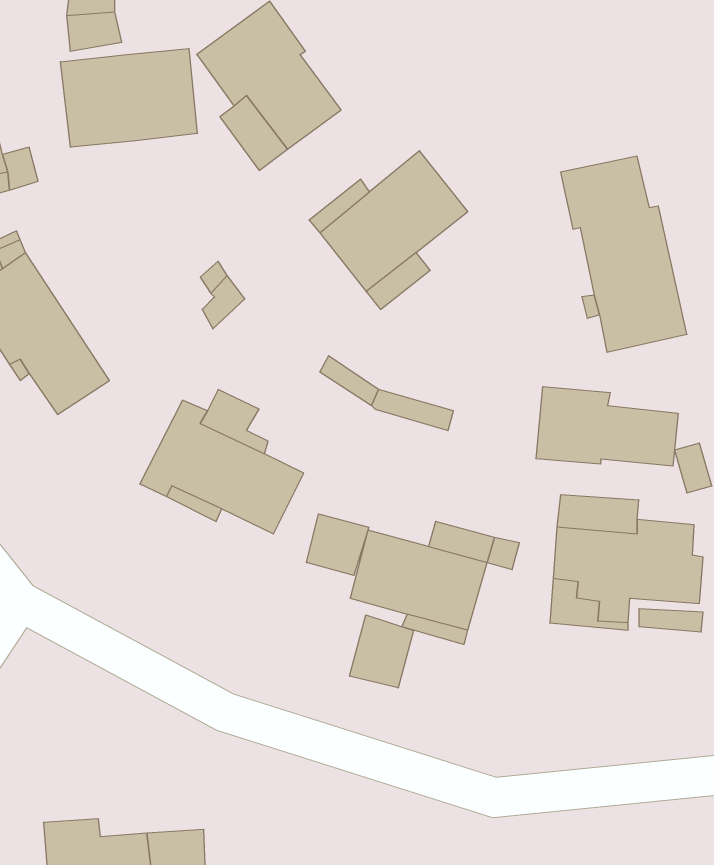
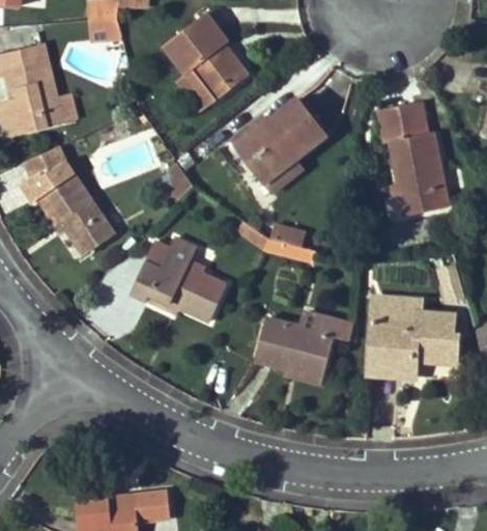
building: [60,48,197,147] -> none
building: [536,387,678,466] -> none
building: [306,514,369,575] -> none
building: [350,615,414,688] -> none

